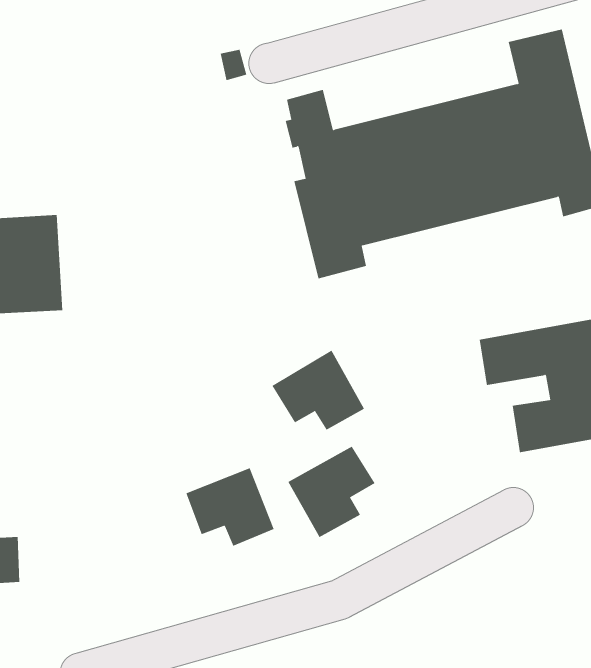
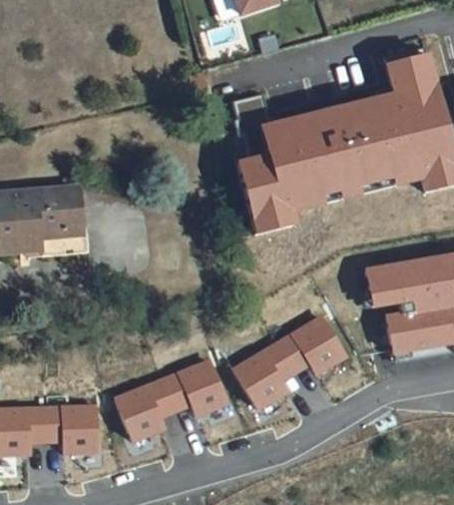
building: [271,350,365,430] -> [282,320,347,376]
building: none -> [117,378,176,439]
building: none -> [49,406,99,453]

